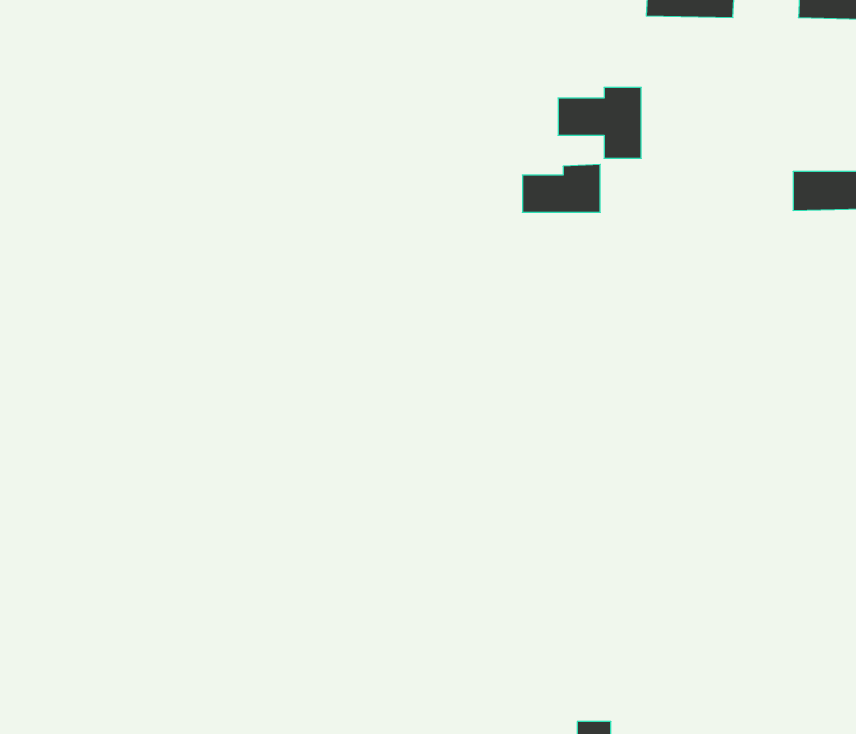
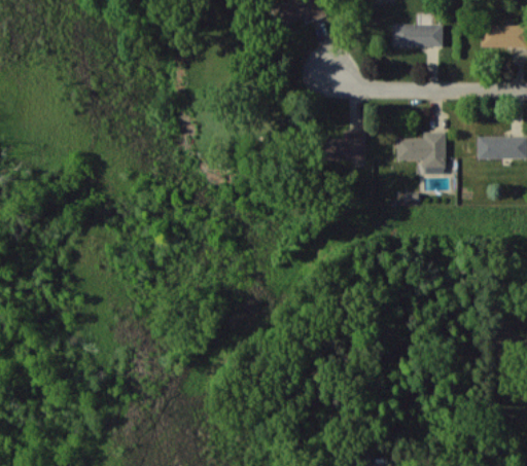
building: [558,87,641,158] -> [396,133,445,174]

